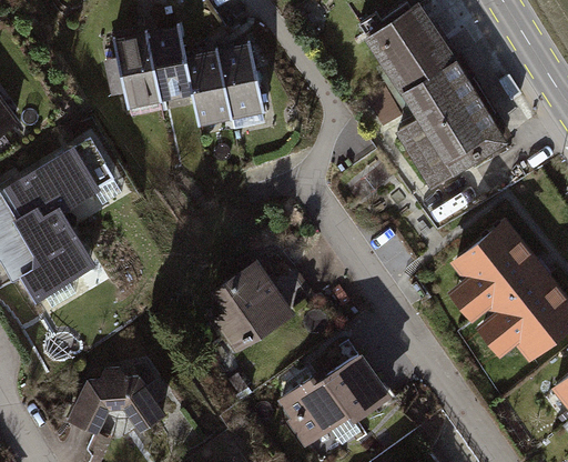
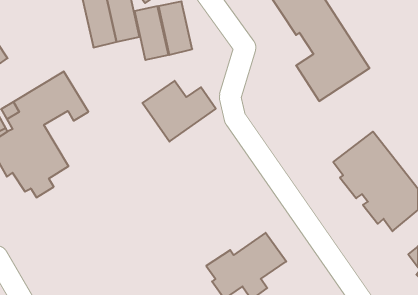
building: [212,263,311,345] -> [142,81,216,142]
building: [68,369,164,438] -> none

